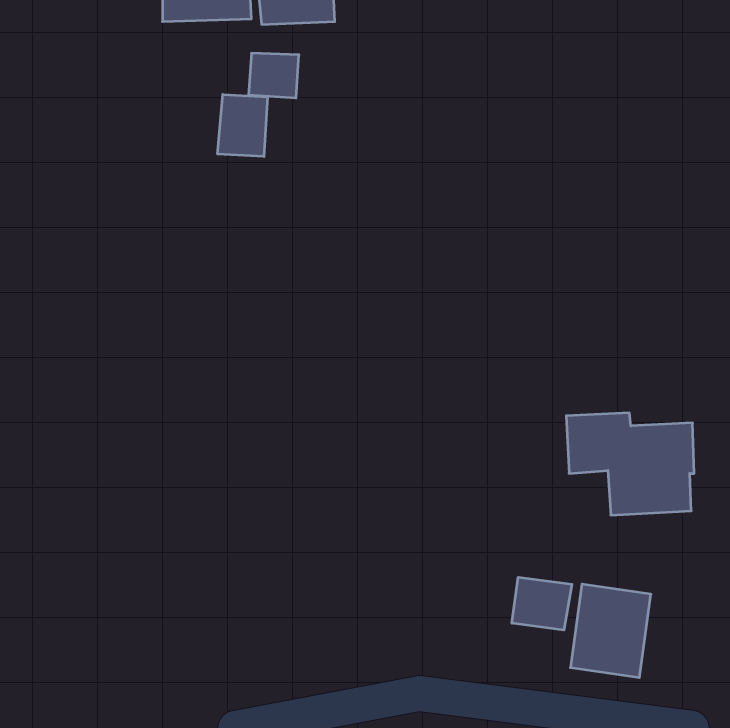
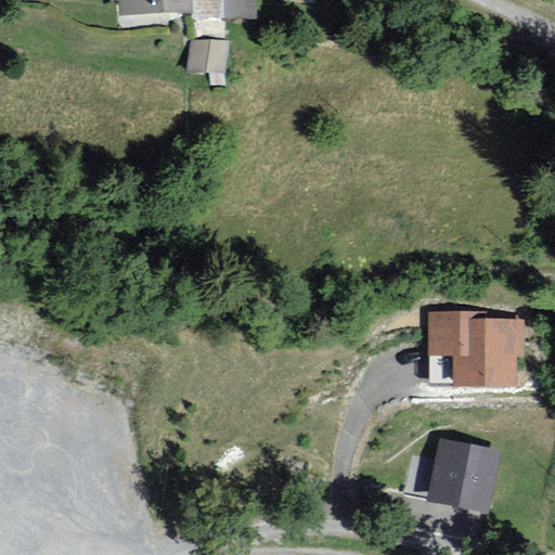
building: [218,94,268,157] -> none
building: [512,577,572,630] -> none

